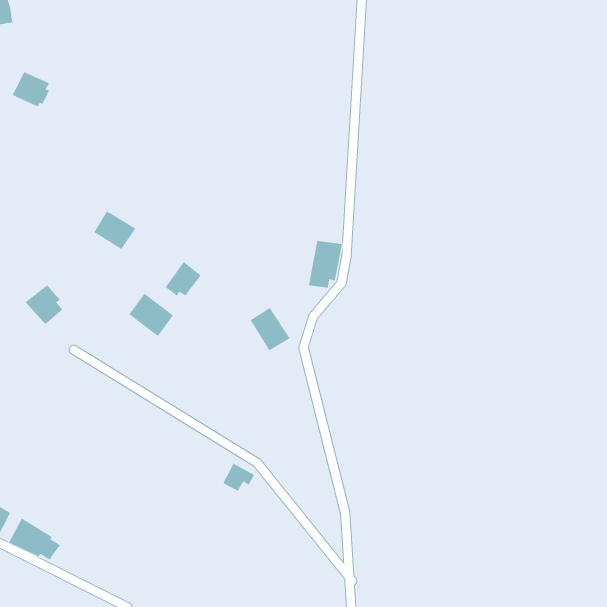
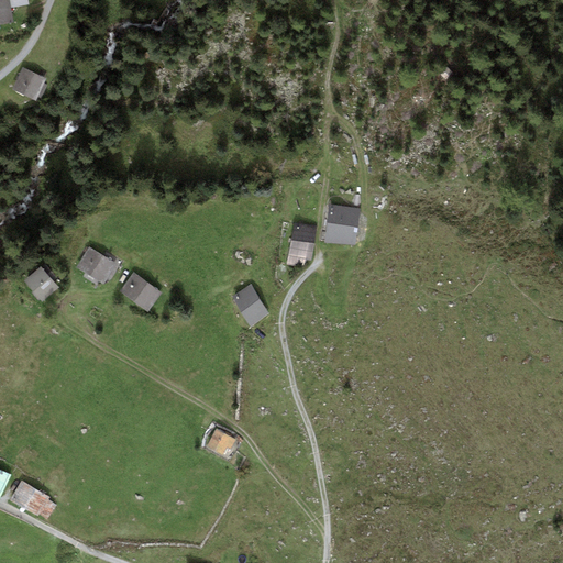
building: [93,211,136,250] -> [76,246,115,283]
building: none -> [324,205,360,246]
building: [165,261,201,297] -> none

